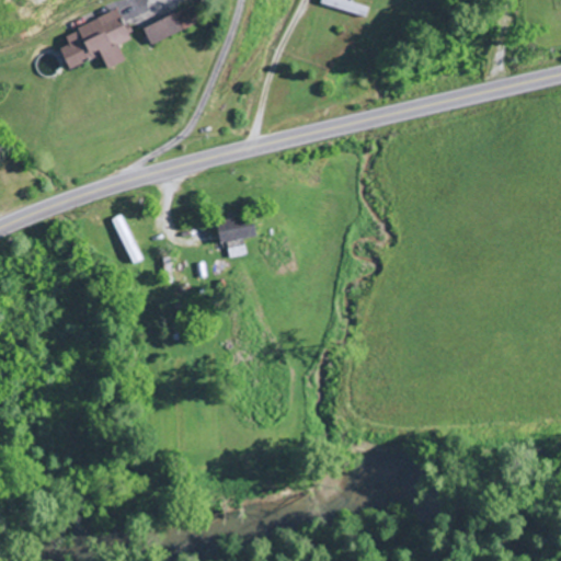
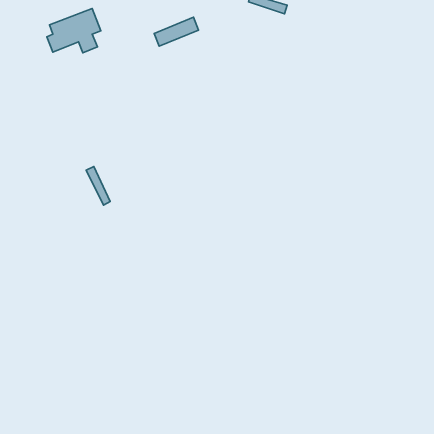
building: [144,5,201,43] -> [154,17,199,46]
building: [215,214,257,244] -> none

